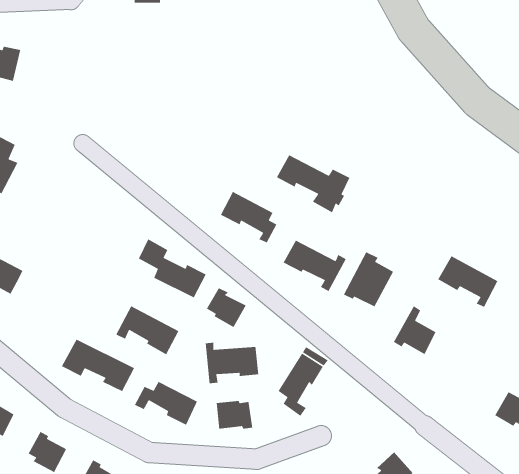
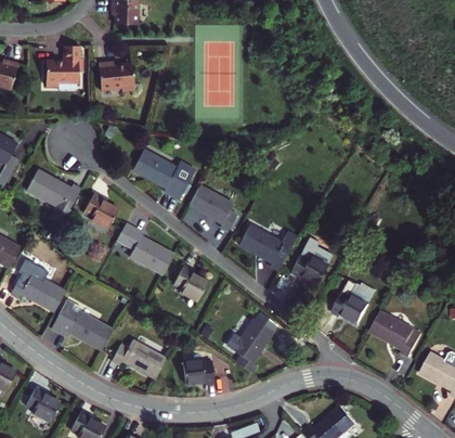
building: none -> [48,47,84,88]
building: none -> [100,61,135,92]
building: [276,154,350,213] -> [128,146,191,196]
building: none -> [28,170,81,221]
building: none -> [84,192,119,228]
building: [437,255,499,308] -> [368,310,420,355]
building: [115,305,179,355] -> [12,271,66,313]
building: [205,342,259,384] -> none

